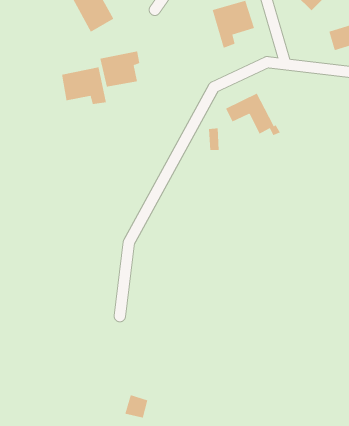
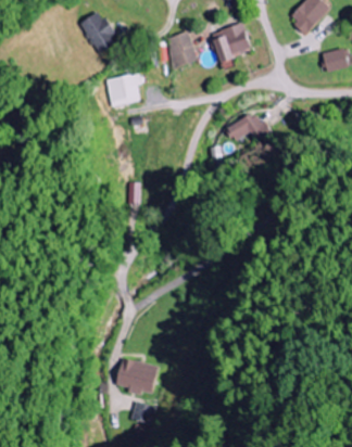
building: none -> [166,31,198,67]
building: [61,67,107,105] -> none
building: none -> [114,357,155,395]

